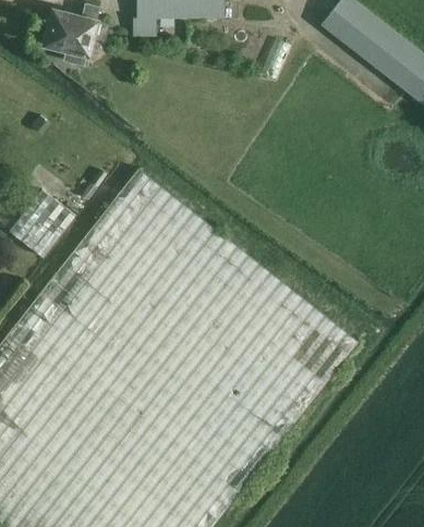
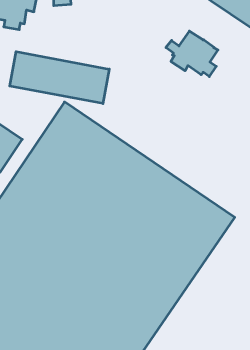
building: none -> [166,31,218,77]
building: none -> [10,52,109,104]

